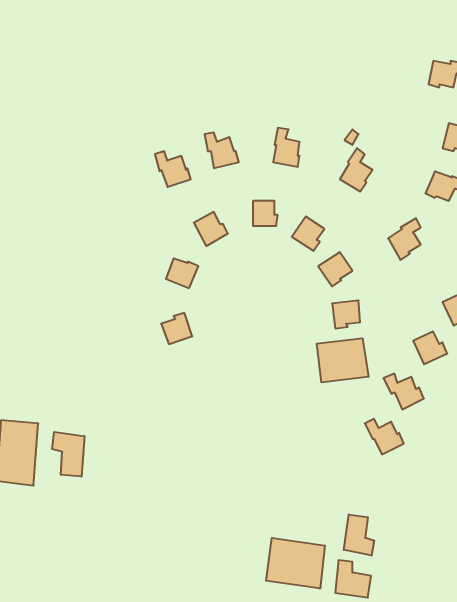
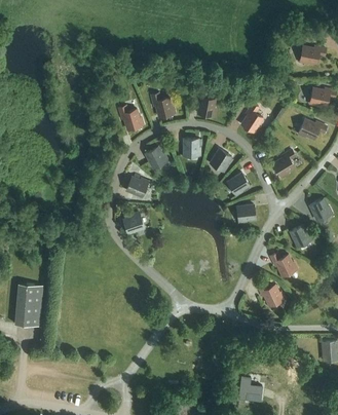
building: [317,338,368,382] -> none
building: [52,432,85,477] -> none
building: [344,514,374,556] -> none
building: [266,538,325,589] -> none

